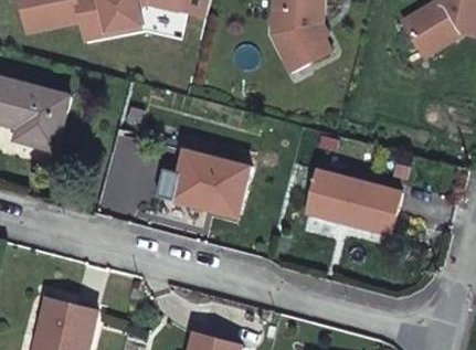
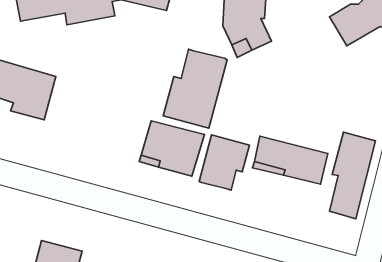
building: none -> [163,49,227,128]
building: none -> [330,132,375,219]
building: none -> [199,135,249,190]

